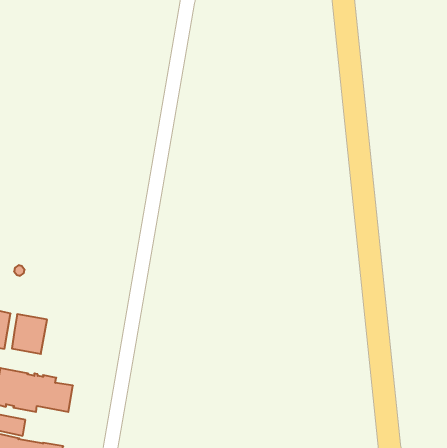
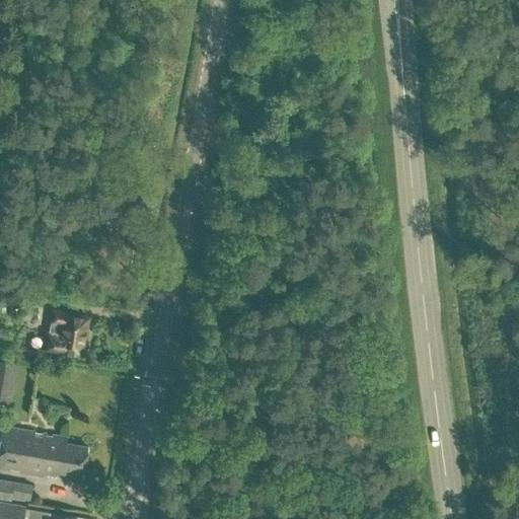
building: [12,314,47,354] -> [45,311,85,357]

